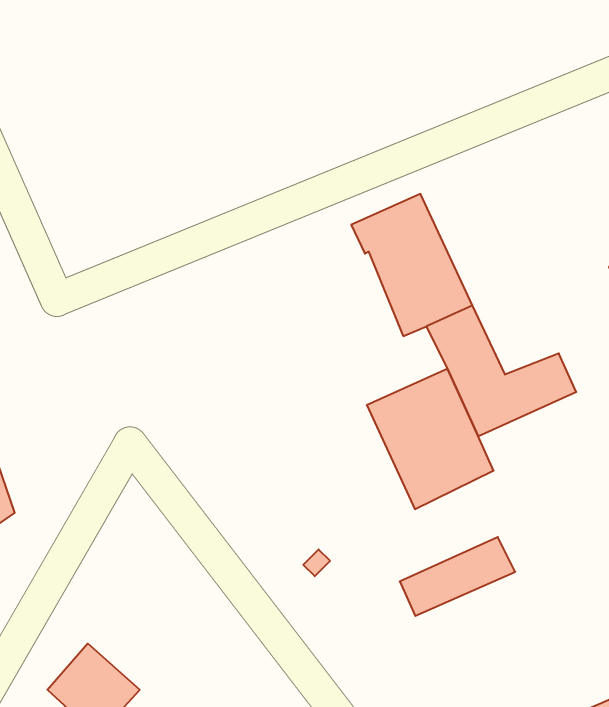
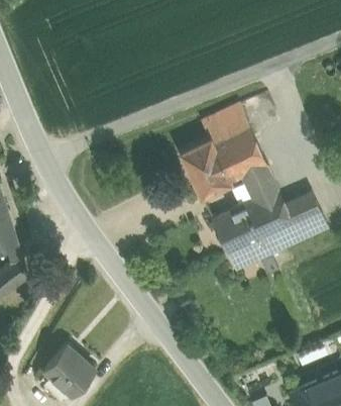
building: none -> [181,138,231,196]
building: [400,537,515,616] -> [270,212,331,253]

